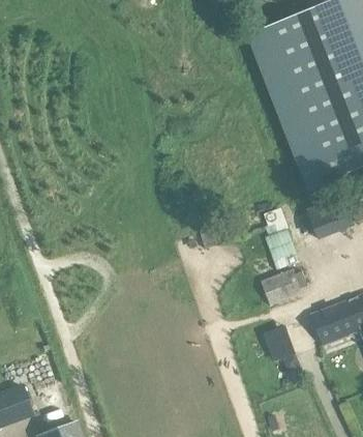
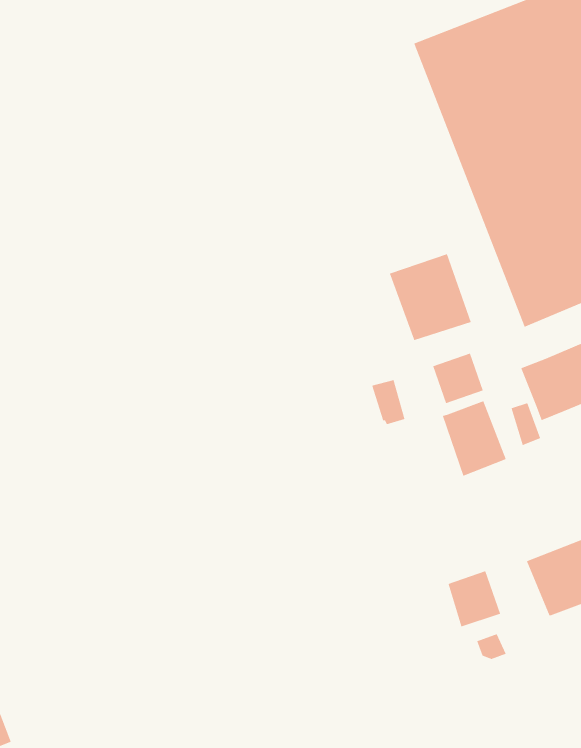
building: none -> [389,253,472,341]
building: [261,268,308,307] -> none

